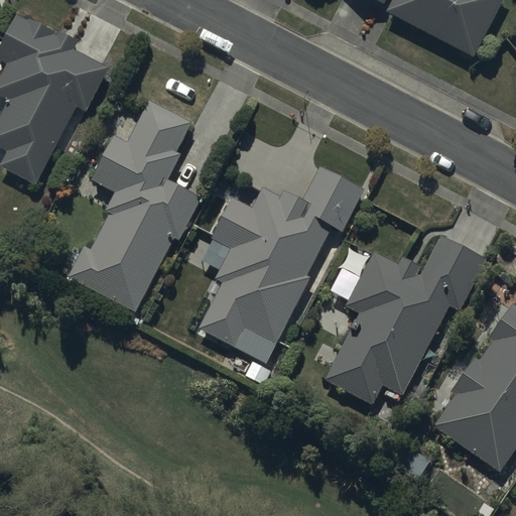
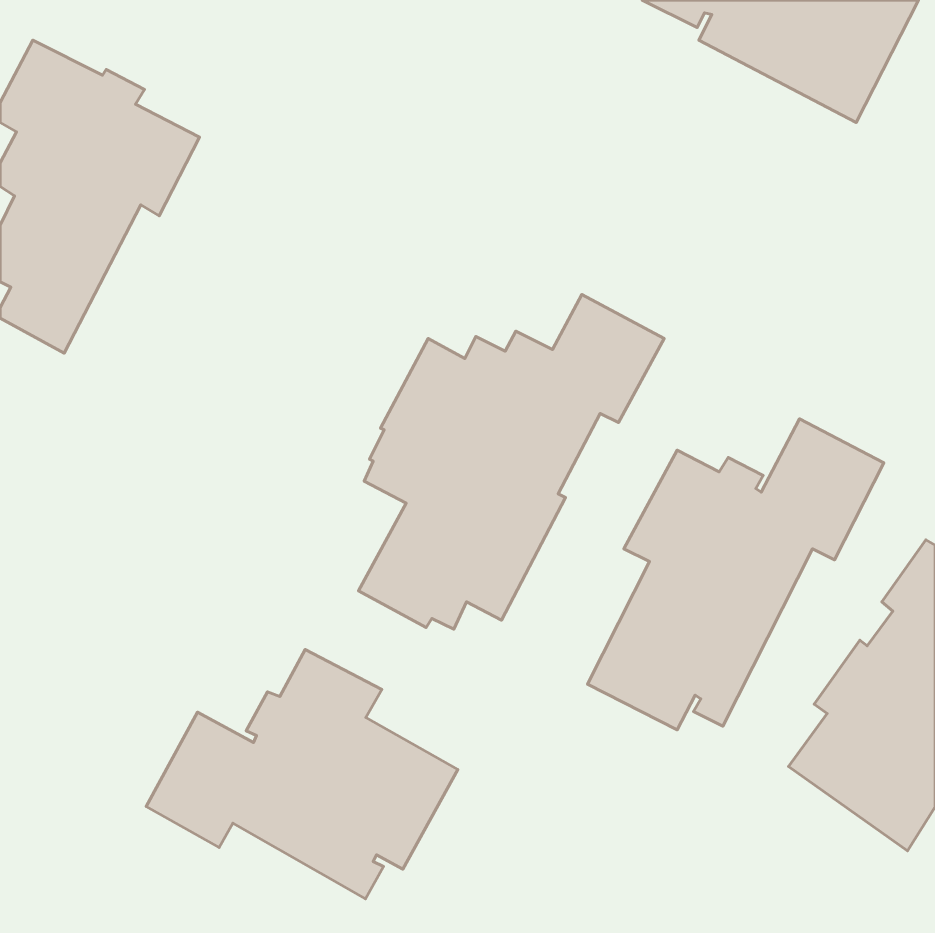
building: [64,101,204,310] -> none
building: none -> [146,650,458,899]

